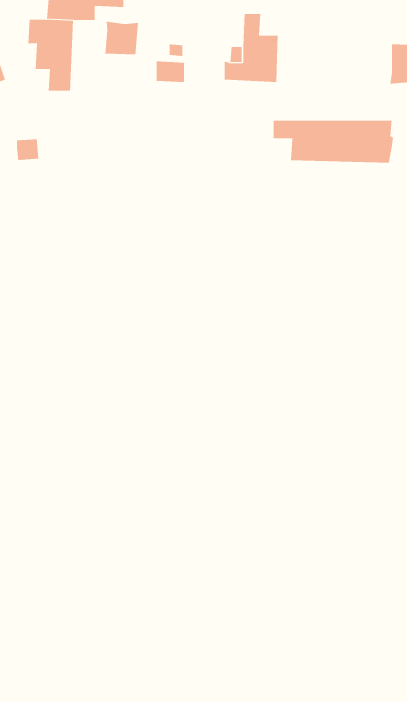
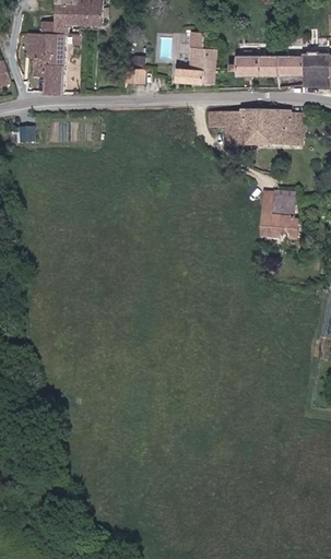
building: [105,21,138,55] -> none
building: none -> [228,53,303,75]
building: none -> [267,192,295,236]

